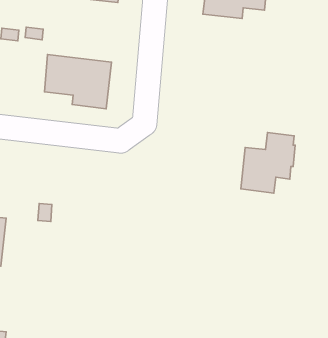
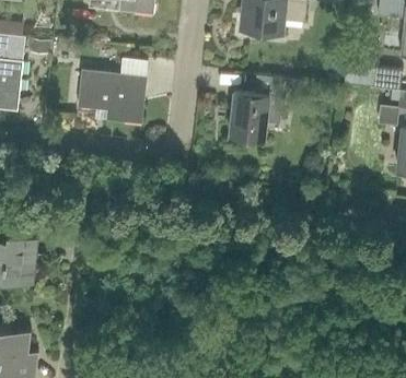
building: [241,133,295,193] -> [229,78,285,140]

